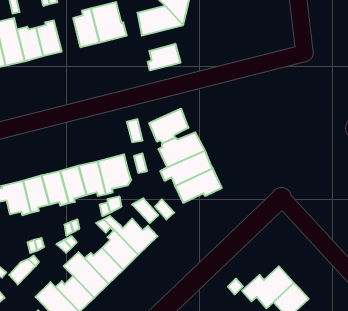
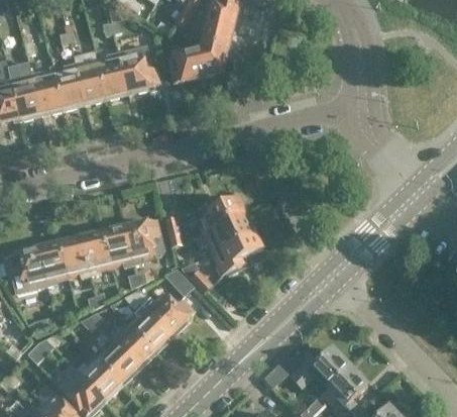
building: none -> [73,49,105,100]
building: [148,44,180,70] -> none
building: [149,109,188,143] -> none

